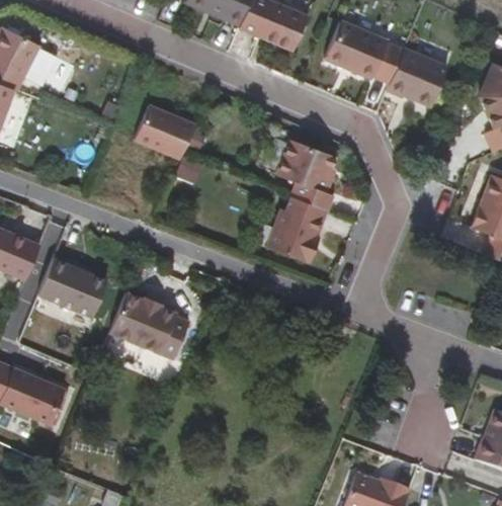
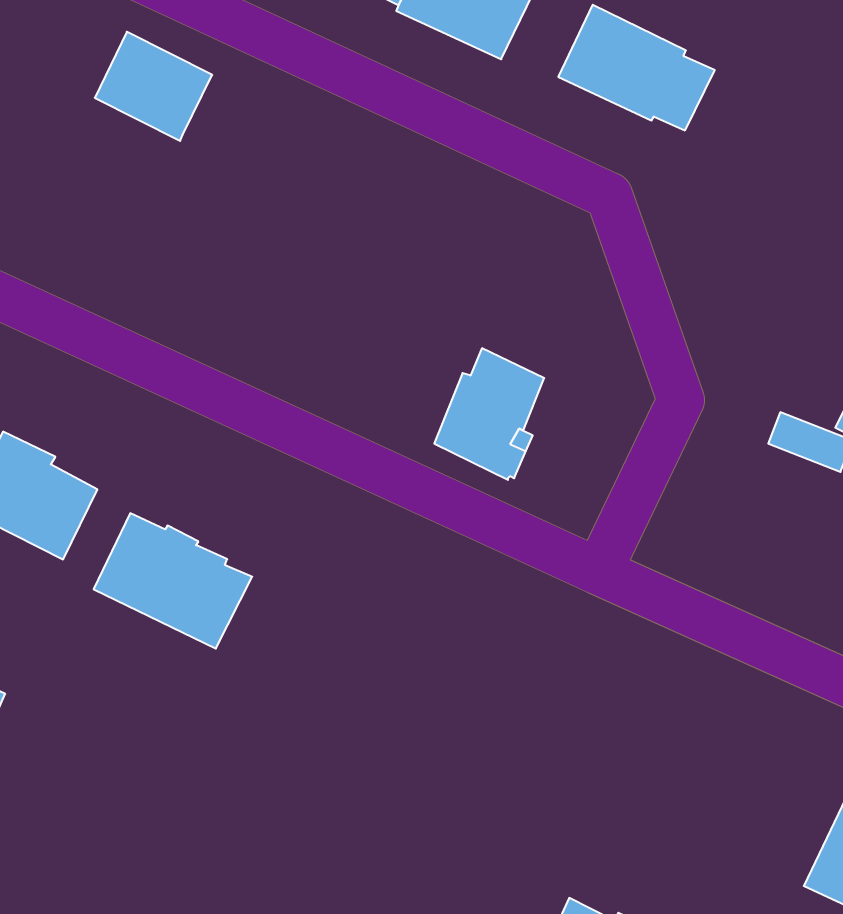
building: [388,49,448,107] -> none
building: [137,106,195,160] -> [95,32,212,141]
building: [277,141,337,212] -> none

